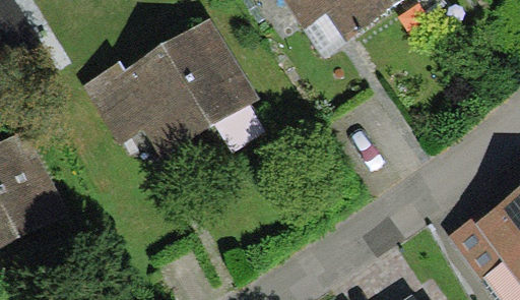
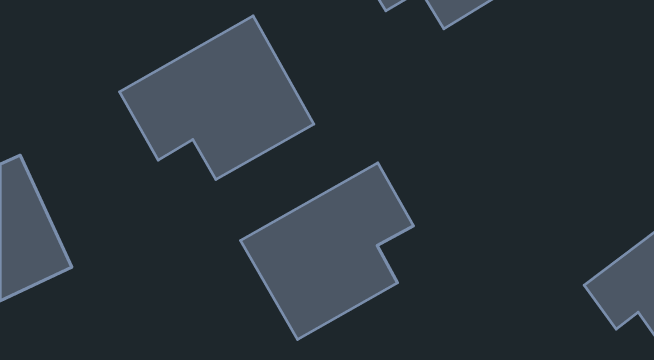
building: none -> [241,163,413,340]

